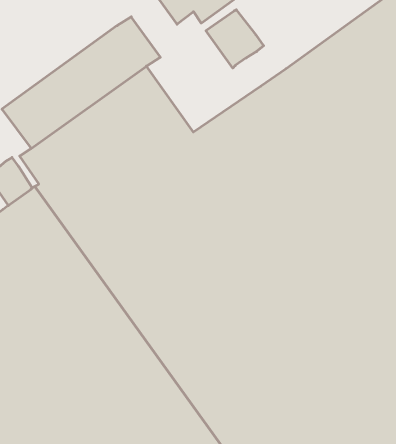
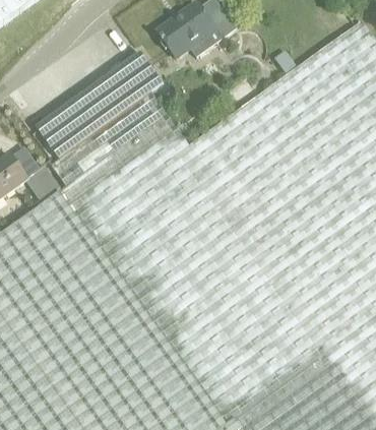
building: [206,10,264,68] -> none

